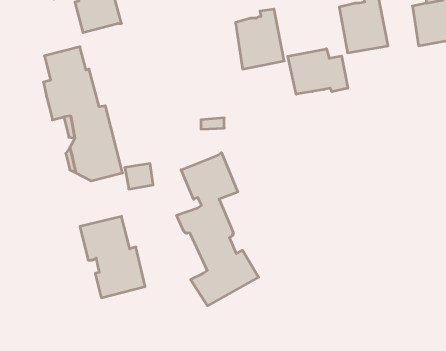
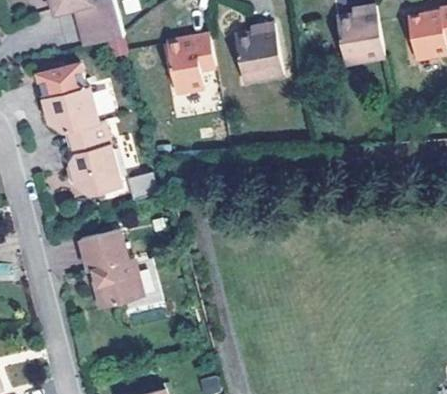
building: none -> [162,33,217,87]
building: [288,49,348,94] -> none
building: [177,153,259,306] -> none

